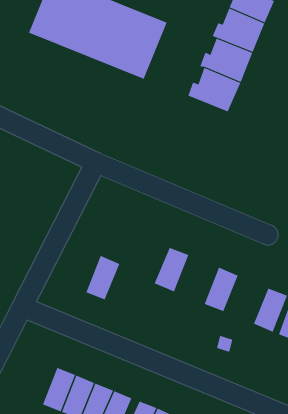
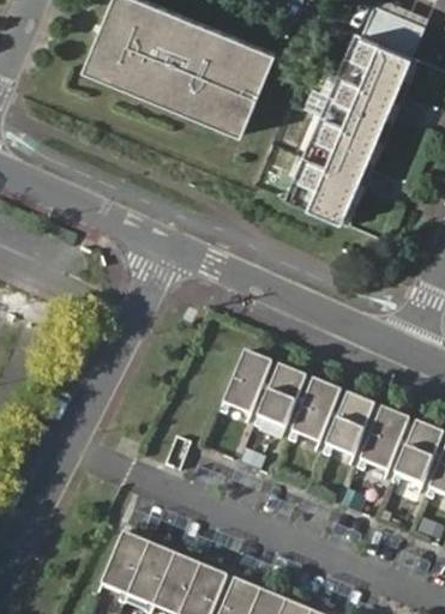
building: none -> [285,158,360,221]
building: [85,255,120,300] -> [223,351,271,414]
building: none -> [291,380,339,441]
building: none -> [360,408,409,470]

